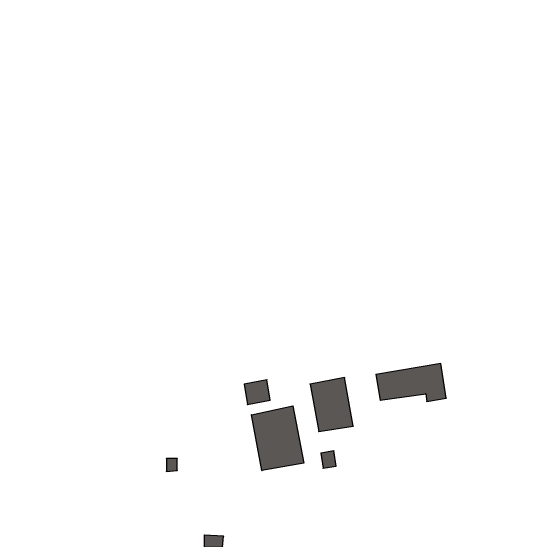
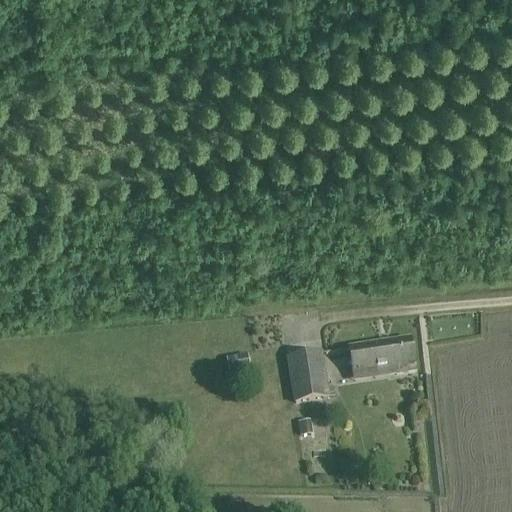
building: [251,406,304,471] -> none

